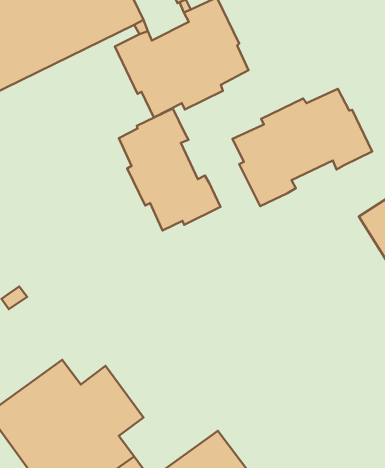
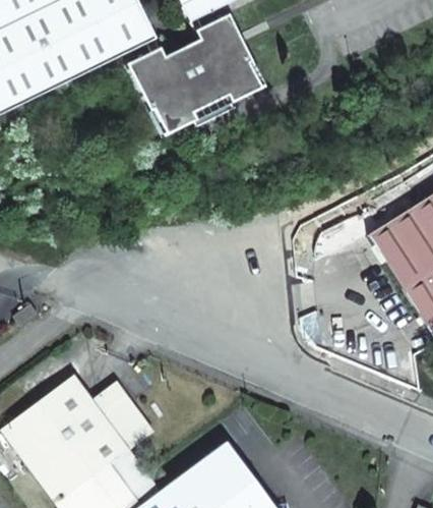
building: [232,89,372,206] -> none
building: [119,109,221,231] -> none

